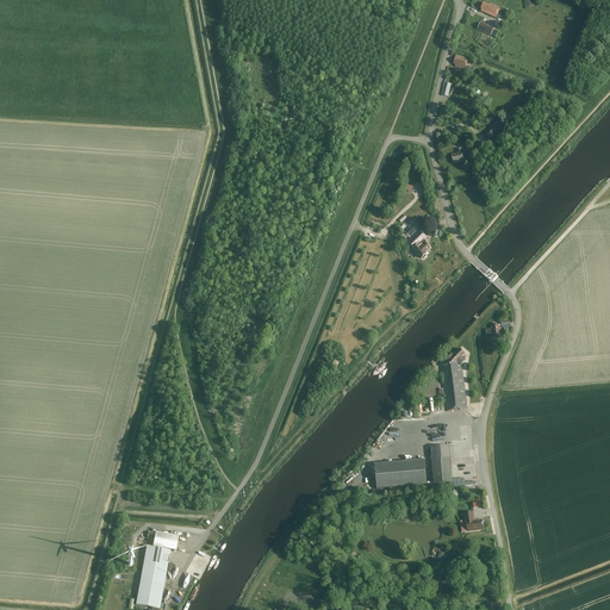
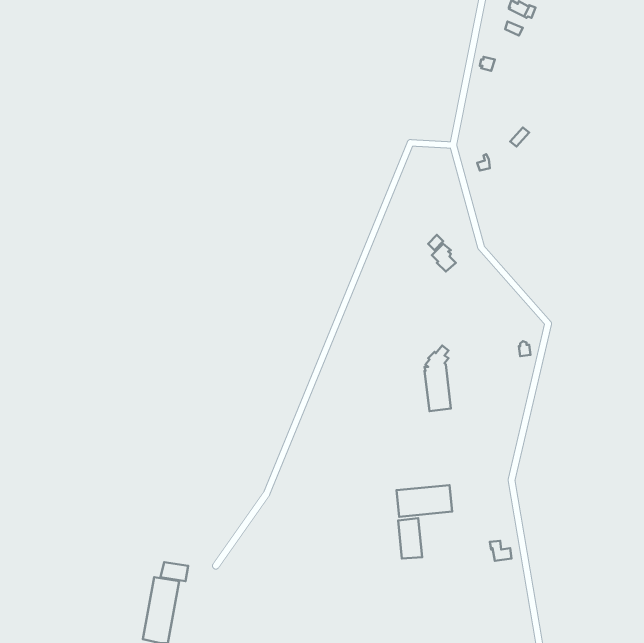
building: [441,347,466,409] -> [424,345,451,411]
building: [429,443,452,481] -> [398,518,422,558]

